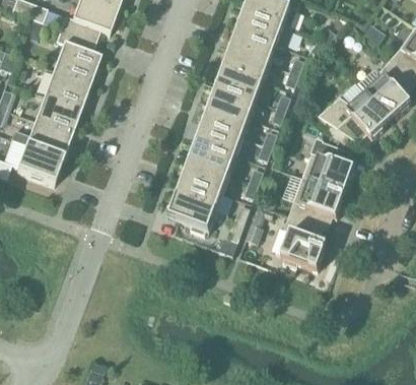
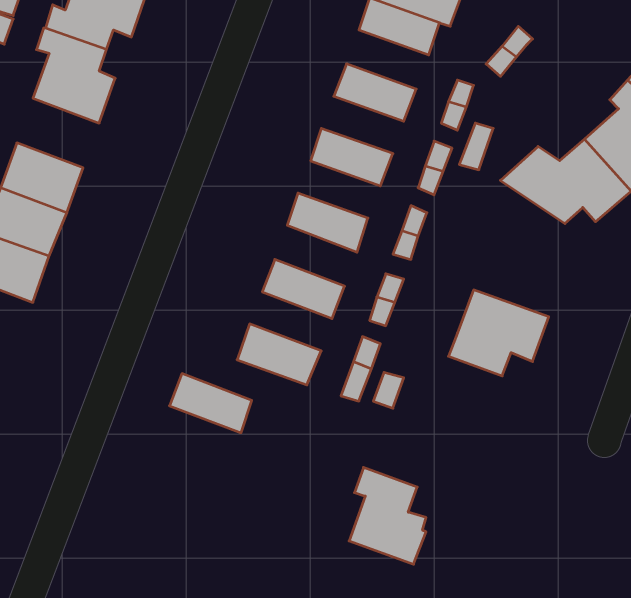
building: [230,29,277,63] -> none
building: [216,67,263,100] -> none
building: [44,68,90,108] -> none
building: [203,104,250,136] -> none
building: [302,138,355,192] -> none
building: [190,140,236,175] -> none
building: [176,178,222,211] -> [169,374,252,433]
building: [280,214,324,269] -> [349,467,426,564]

